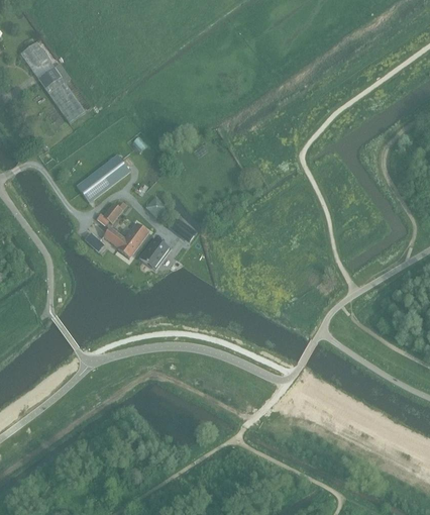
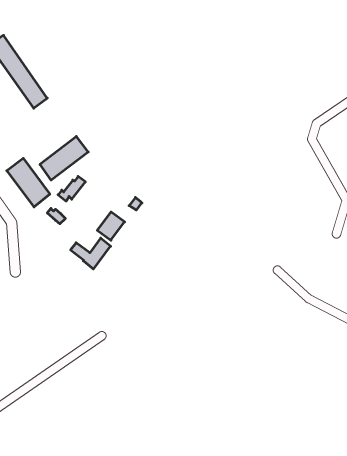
building: none -> [7,158,50,207]
building: [104,222,148,256] -> [71,238,111,269]

